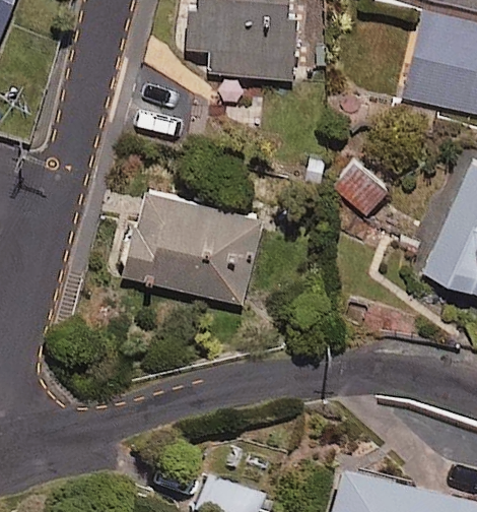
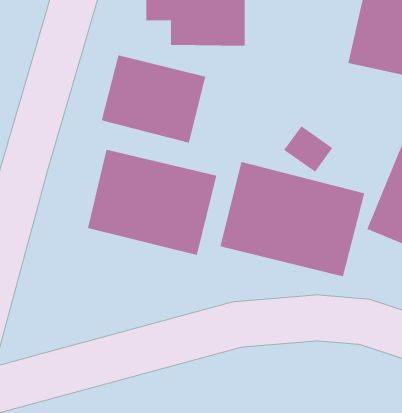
building: none -> [101,55,206,144]
building: none -> [220,161,365,277]

